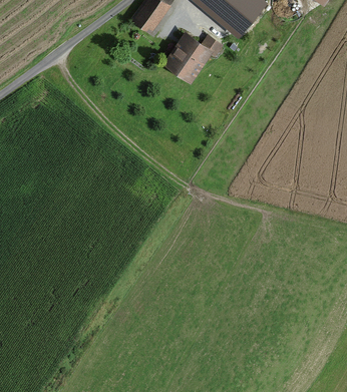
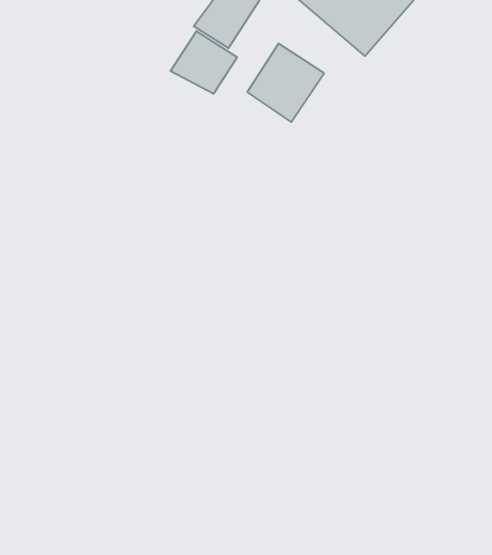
building: none -> [171,31,237,94]

